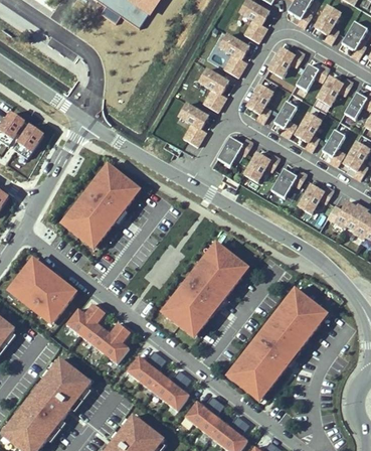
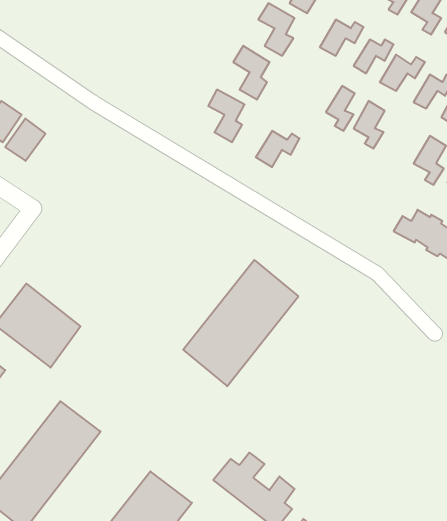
building: [246,85,271,123] -> none
building: [322,129,345,165] -> none
building: [243,152,279,182] -> none
building: [57,164,144,253] -> none
building: [270,168,306,197] -> none
building: [298,184,333,213] -> none
building: [228,291,327,405] -> none
building: [64,303,130,365] -> none
building: [124,349,190,412] -> none

